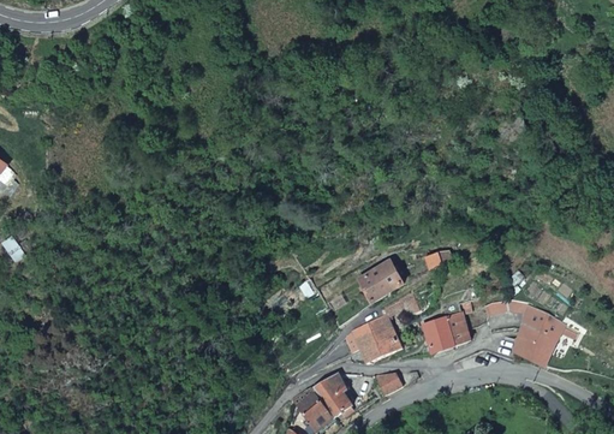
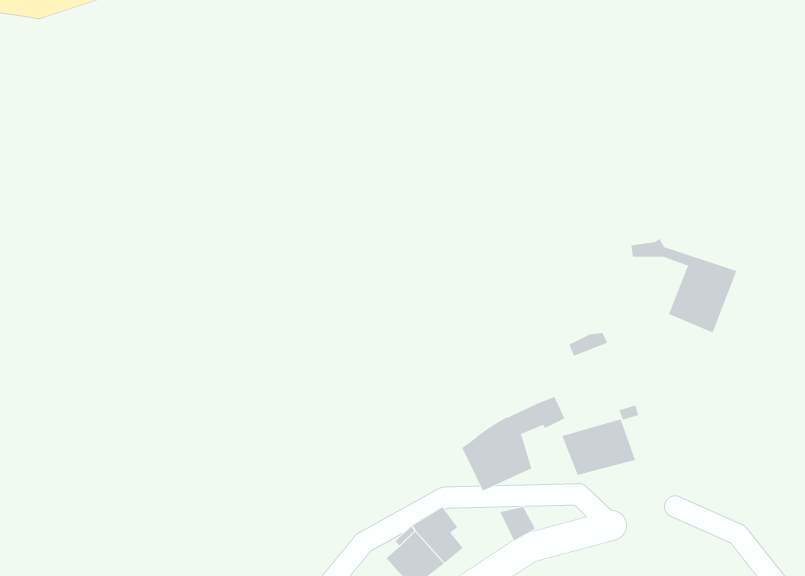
building: [357,260,401,296] -> none
building: [489,299,564,365] -> [630,238,737,333]

